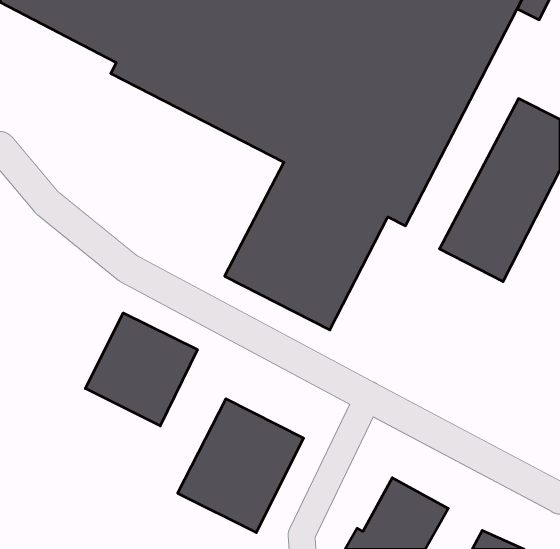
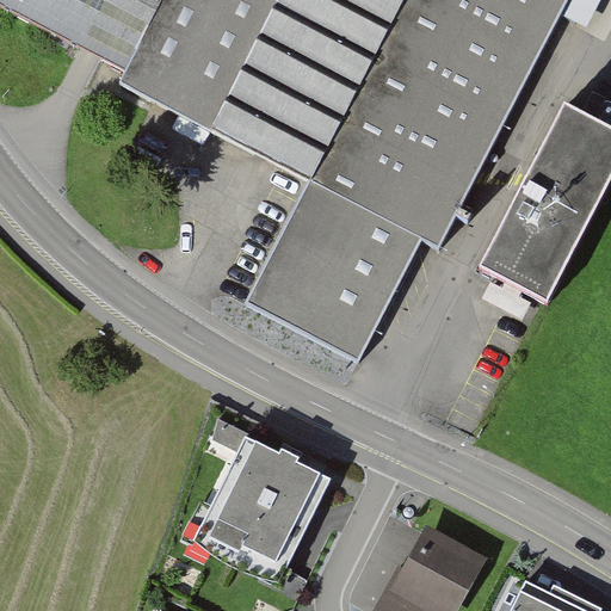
building: [85,313,197,426] -> none

